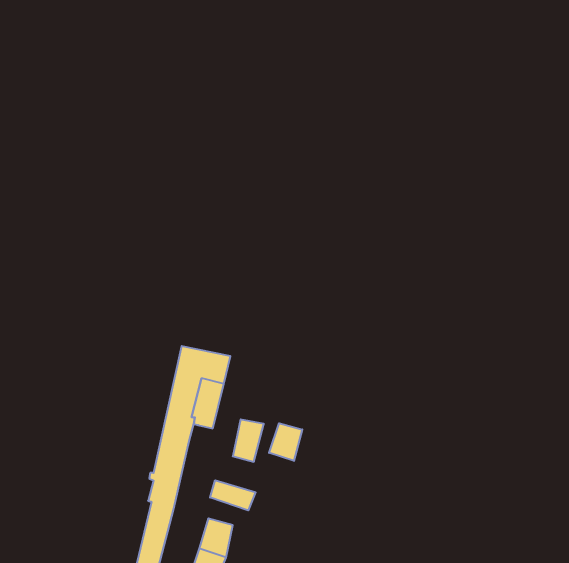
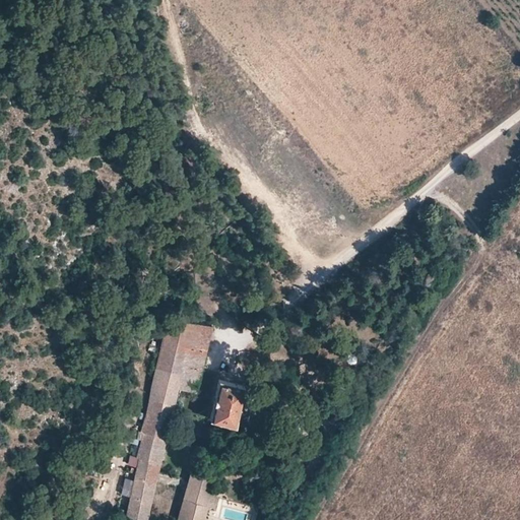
building: [269,423,302,461] -> none
building: [210,480,256,510] -> none

